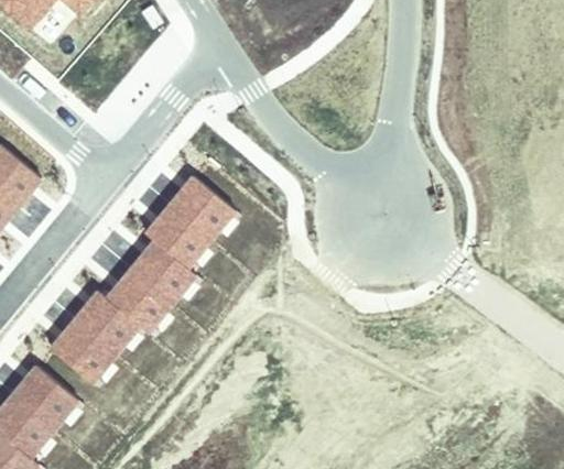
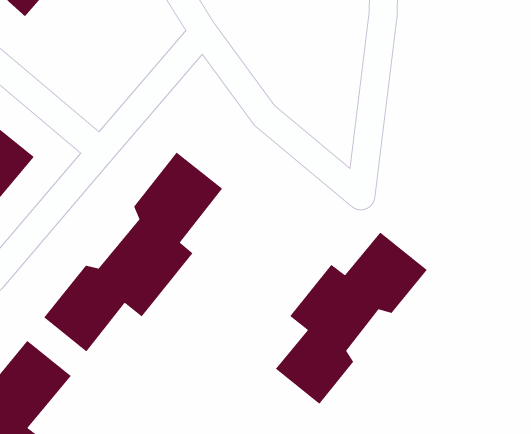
building: none -> [275,231,428,405]

